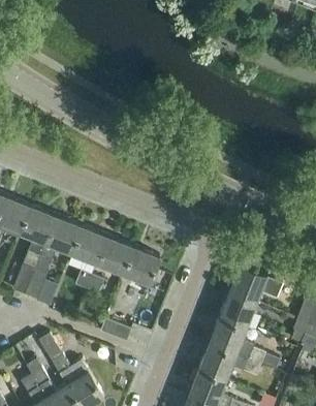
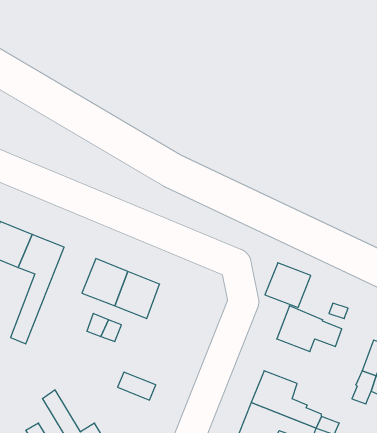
building: [26,218,83,301] -> none
building: [124,248,159,285] -> none
building: [219,292,256,329] -> [265,263,311,307]

